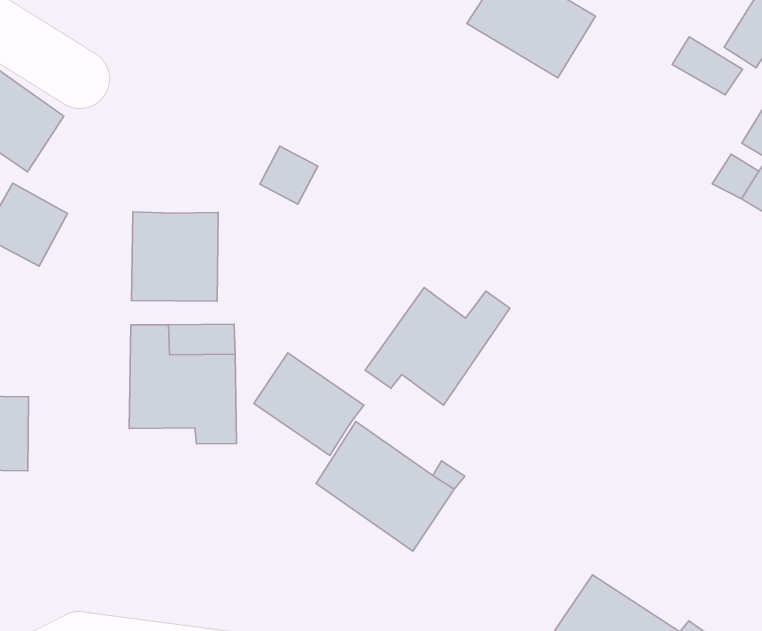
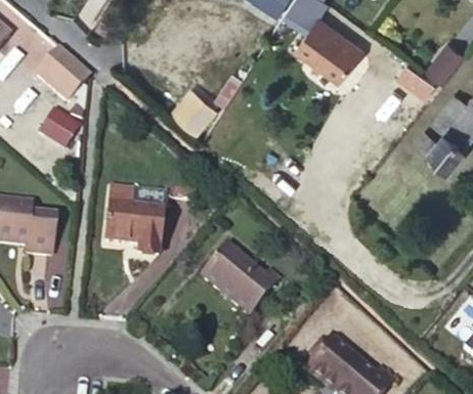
building: [131,212,218,301] -> none
building: [365,288,510,405] -> none
building: [254,353,364,456] -> none

